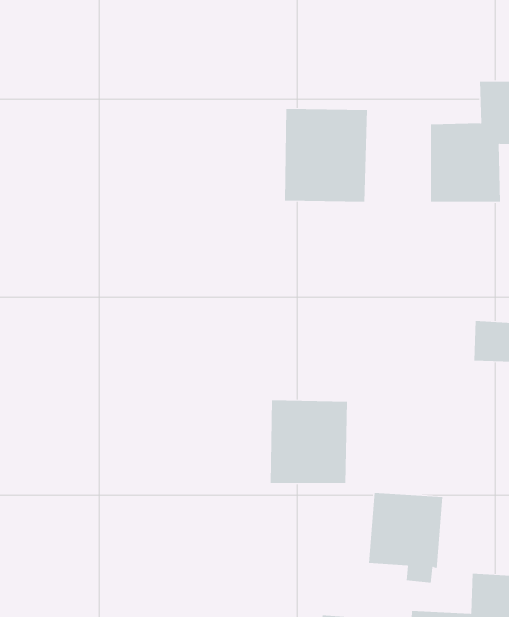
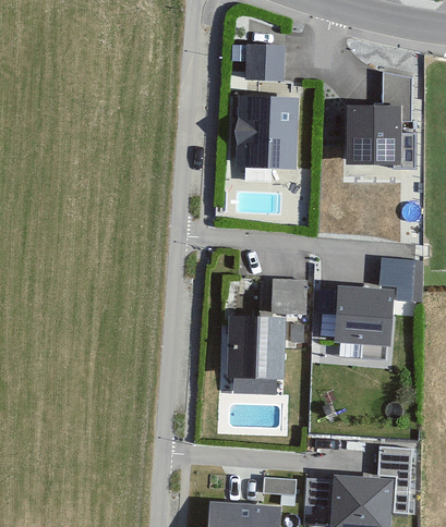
building: none -> [249,47,285,82]
building: none -> [272,282,305,315]
building: [368,492,443,583] -> [336,289,393,357]

